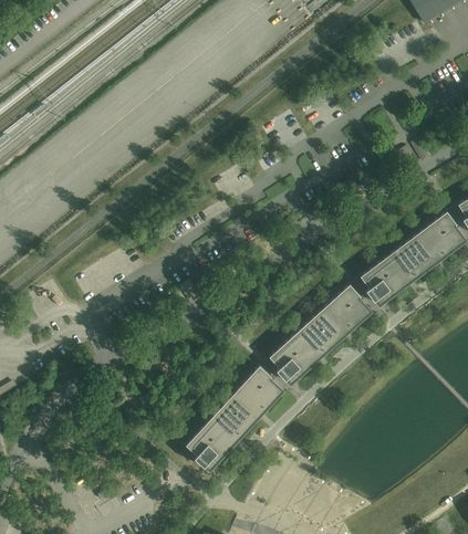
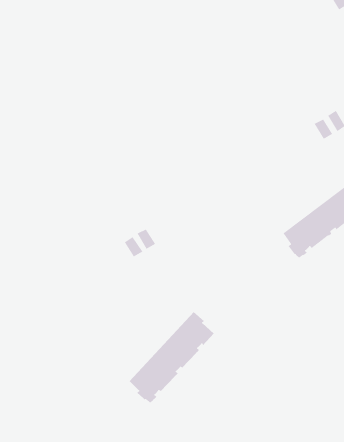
building: [270,284,371,384] -> none

